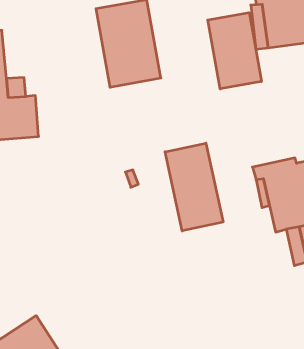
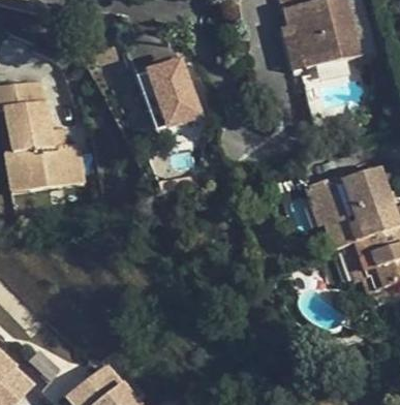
building: [208,13,261,89] -> none
building: [165,143,223,231] -> none

